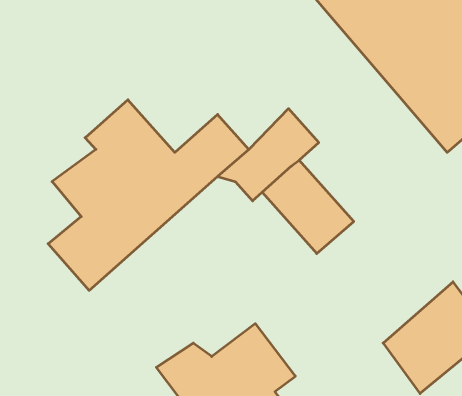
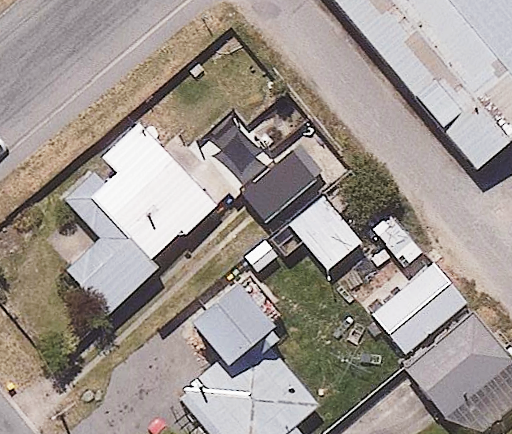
building: none -> [369,251,477,354]
building: none -> [184,281,273,370]

